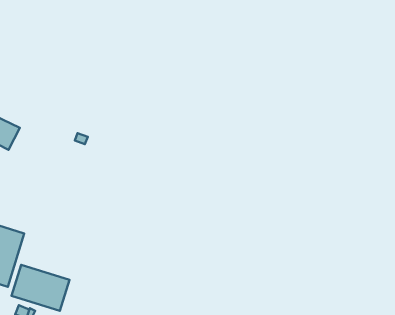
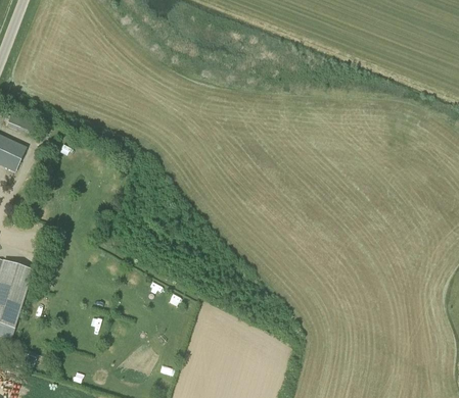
building: [11,265,69,311] -> none

